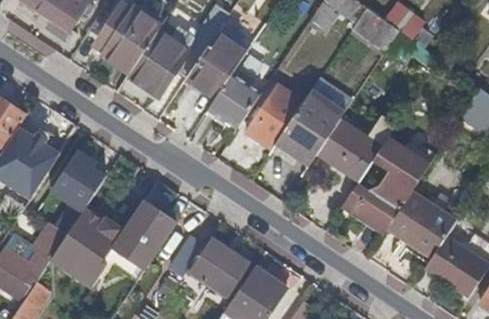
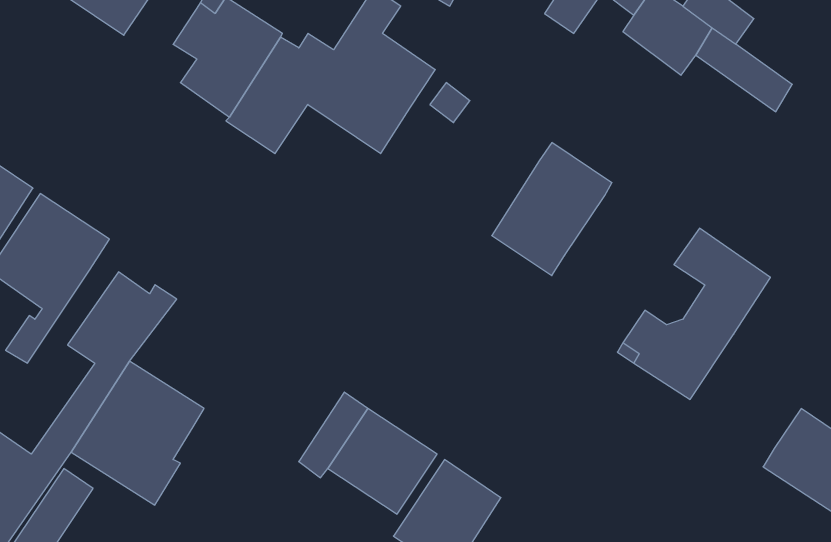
building: [206,71,260,128] -> none
building: [245,83,302,149] -> none
building: [316,119,395,182] -> none
building: [385,195,453,258] -> none
building: [112,200,175,269] -> none

